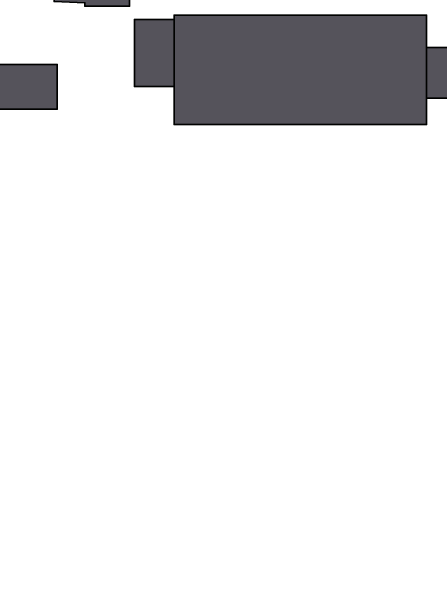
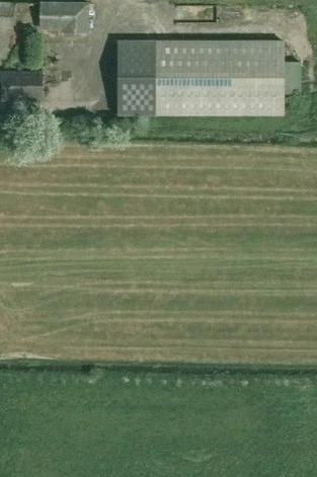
building: [134,20,174,86] -> none

